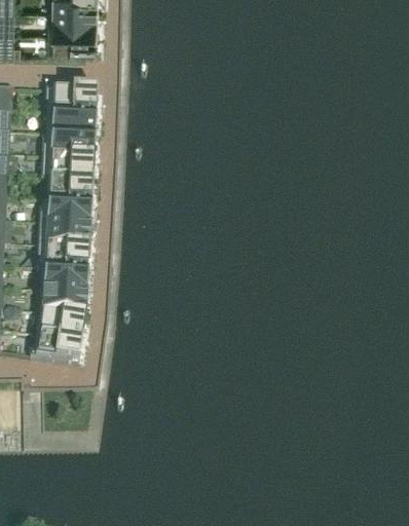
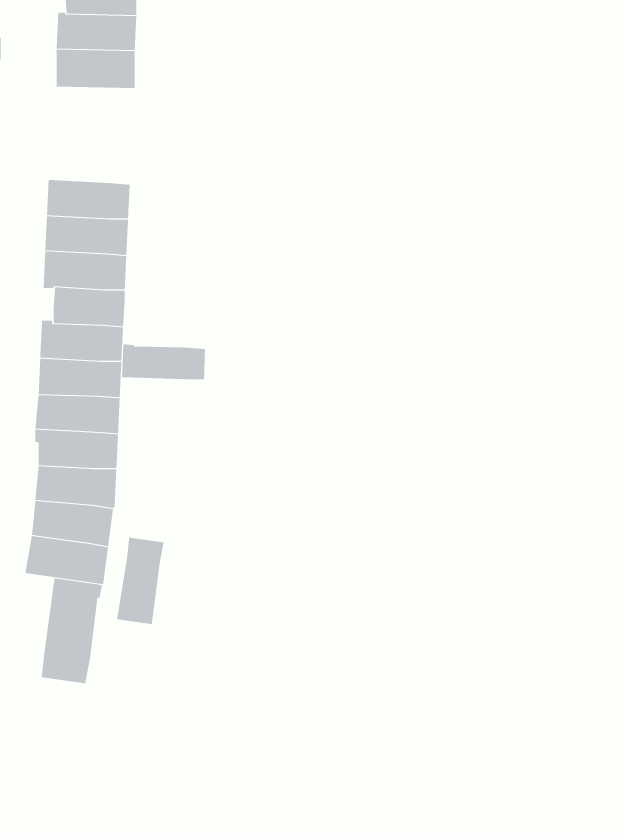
building: [45,88,99,115] -> none
building: none -> [122,343,206,380]
building: none -> [117,537,164,625]
building: none -> [41,578,103,684]

